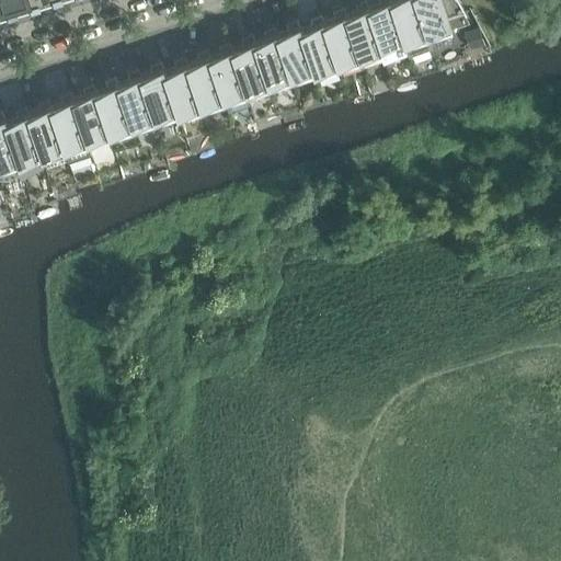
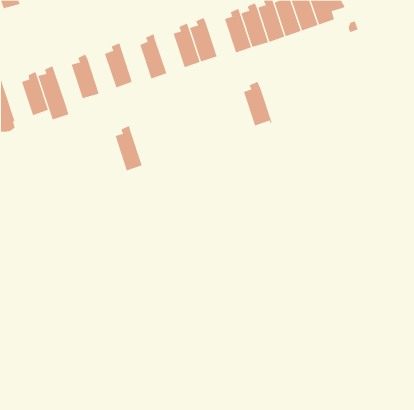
building: [280,25,320,85] -> [243,81,273,126]
building: [213,48,251,108] -> none
building: [168,62,206,124] -> none
building: [122,75,159,136] -> [115,125,143,171]
building: [77,90,114,150] -> none
building: [9,112,47,173] -> none

